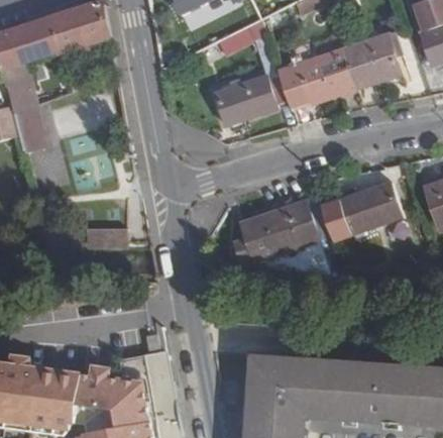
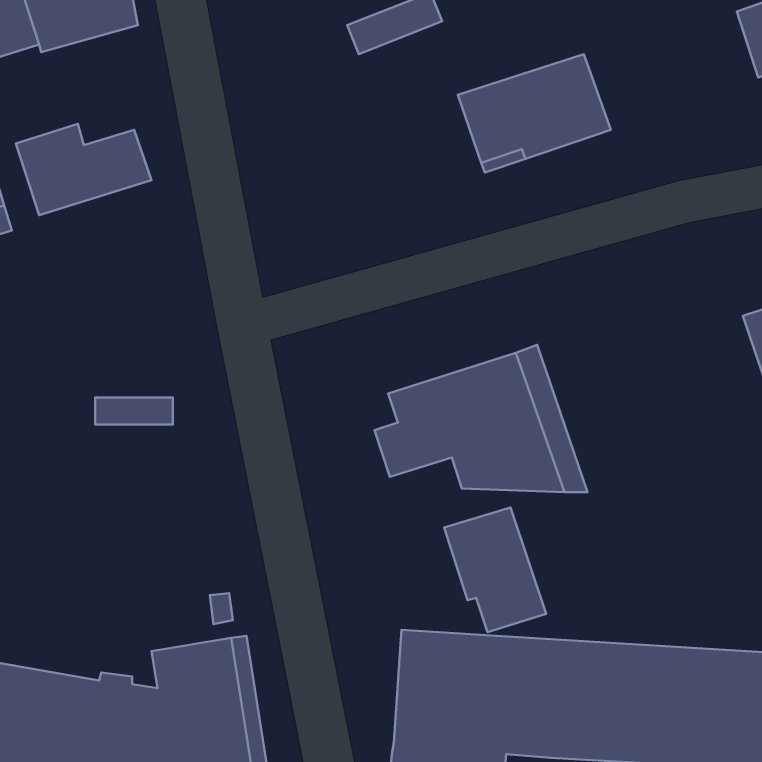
building: [341,37,399,92] -> none
building: [213,78,274,127] -> none
building: [338,185,400,237] -> none
building: none -> [444,508,546,632]

